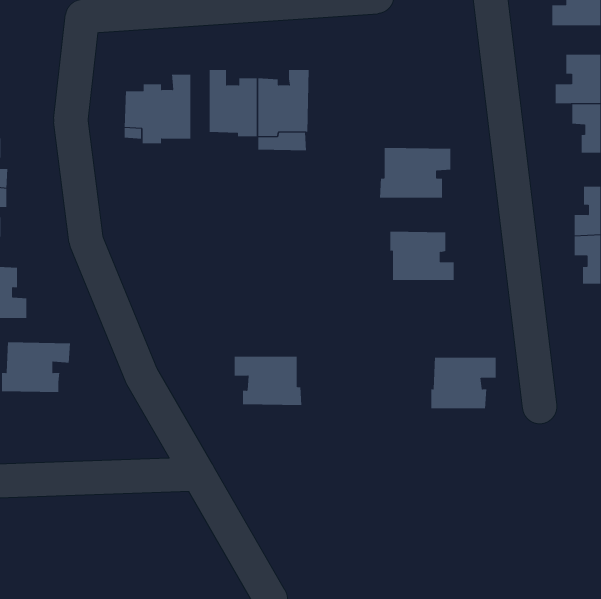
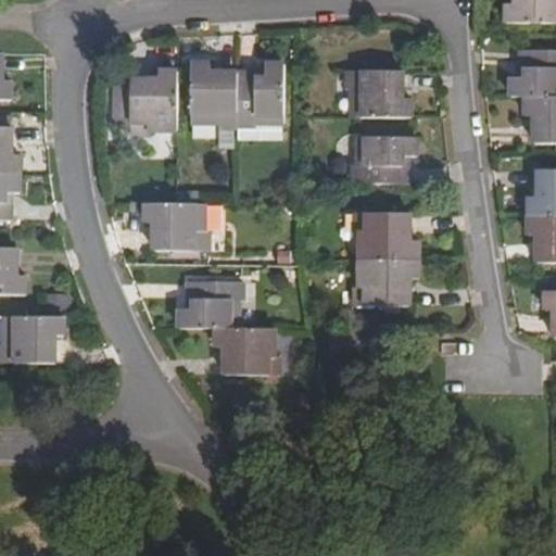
building: none -> [350,71,412,118]
building: none -> [147,202,210,249]
building: none -> [178,281,241,328]
building: [430,357,497,409] -> [357,258,418,306]

